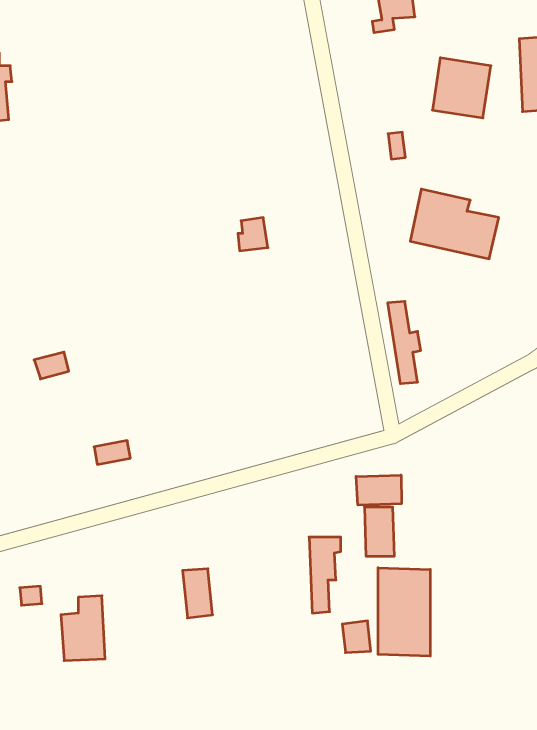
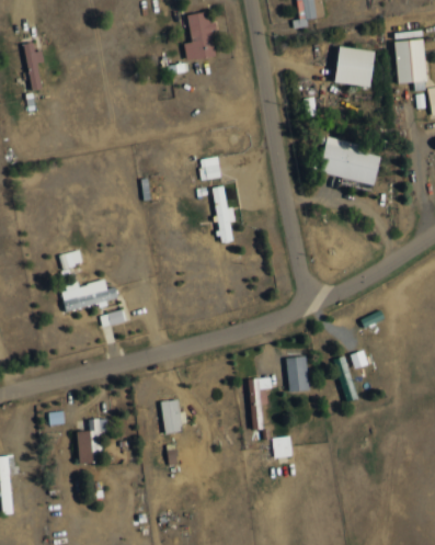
building: none -> [184,12,217,61]
building: [388,301,421,384] -> [211,186,234,243]
building: none -> [61,281,117,313]
building: [356,475,401,505] -> none
building: [378,568,430,656] -> none

